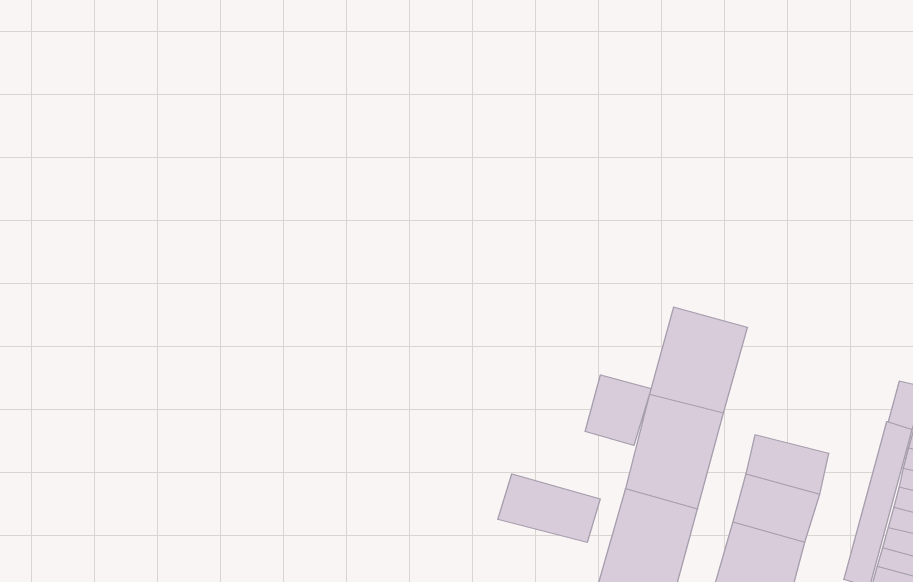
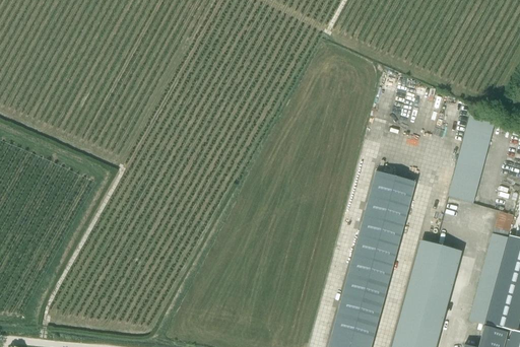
building: none -> [449,115,495,202]
building: [585,375,651,445] -> none
building: [498,474,600,542] -> none

